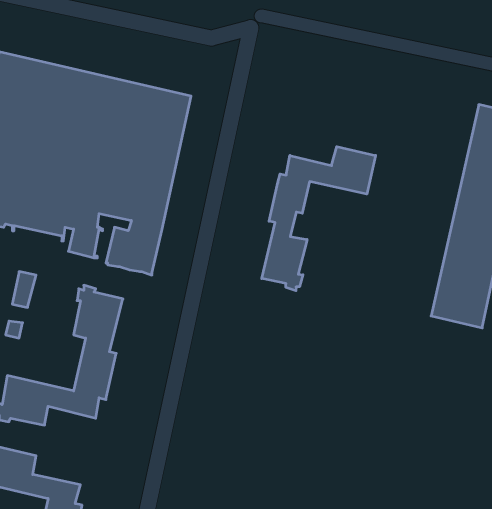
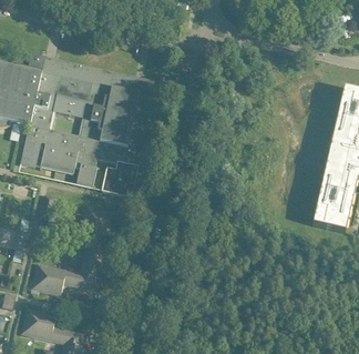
building: [262,147,376,291] -> none

